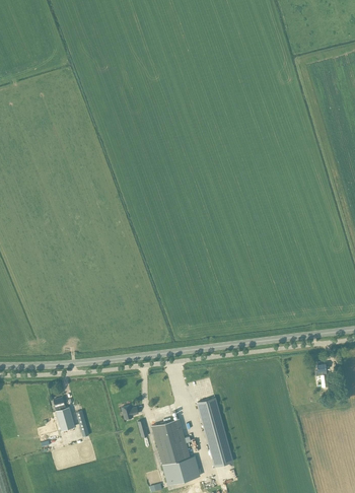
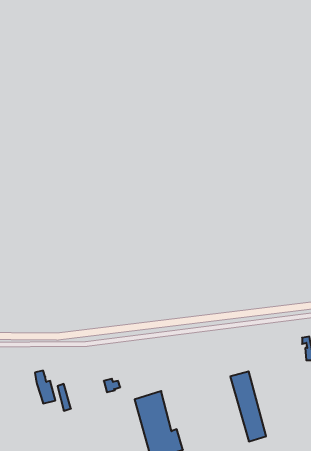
building: [197,399,232,468] -> [230,371,266,441]

